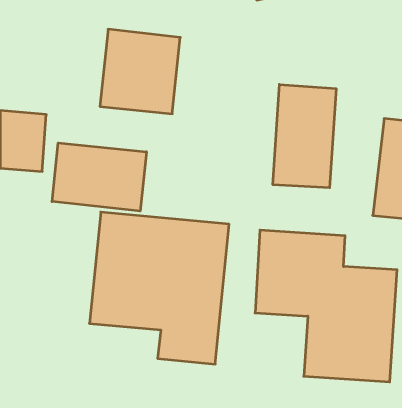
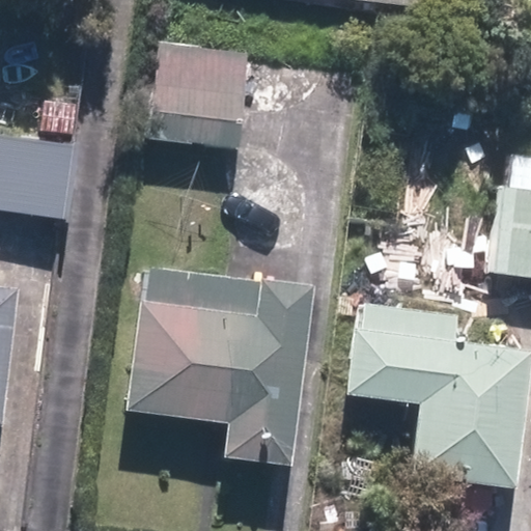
building: [273,84,336,188] -> none
building: [52,143,146,211] -> none

